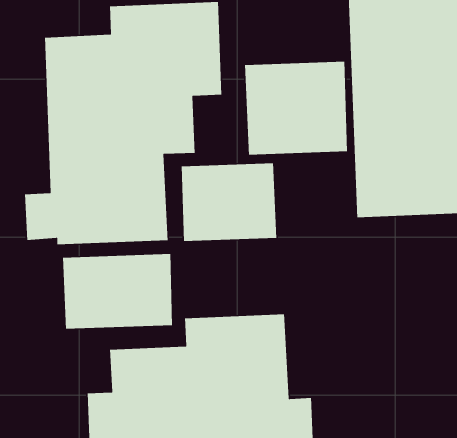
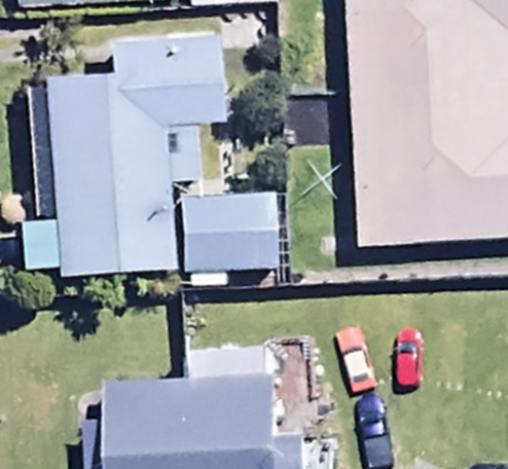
building: [244,61,348,155] -> none
building: [62,253,173,330] -> none

